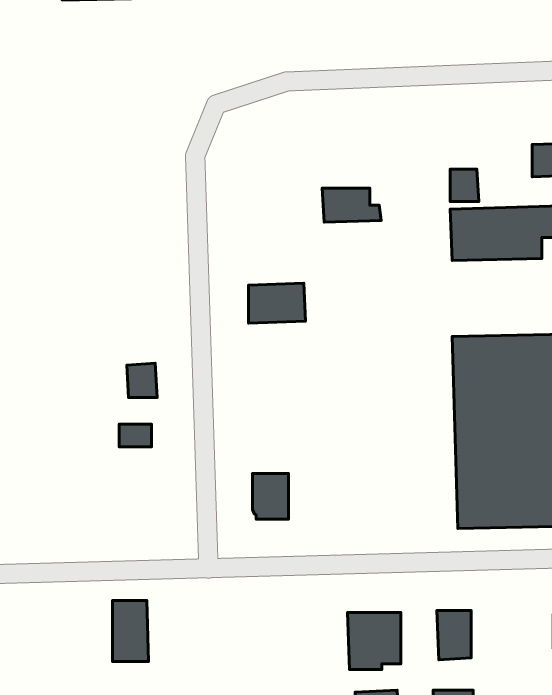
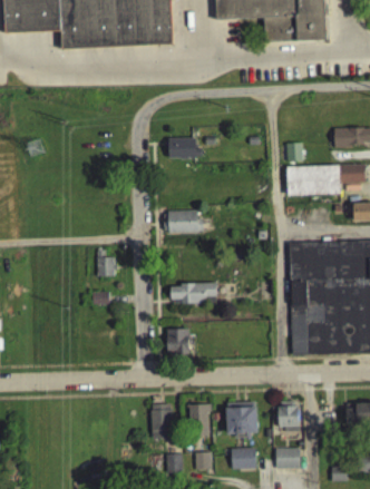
building: [322,188,381,222] -> [168,138,203,158]
building: none -> [171,283,217,304]
building: [112,600,149,661] -> [152,403,173,439]
building: none -> [189,404,211,437]

